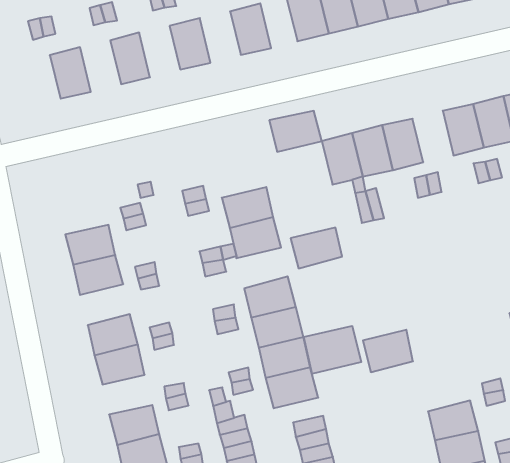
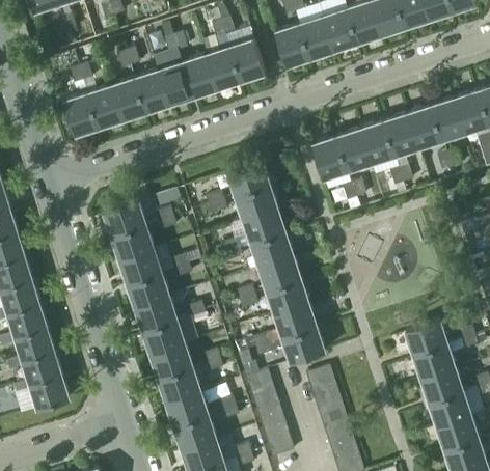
building: none -> [206,48,241,90]
building: none -> [158,63,193,106]
building: none -> [111,79,146,121]
building: none -> [62,94,99,137]
building: none -> [383,114,418,157]
building: [269,111,322,152] -> [226,163,270,198]
building: none -> [104,202,145,238]
building: [291,228,342,268] -> [250,234,293,270]
building: none -> [127,274,168,309]
building: [304,326,361,374] -> none
building: [363,330,413,372] -> [406,321,447,357]
building: none -> [151,345,192,380]

